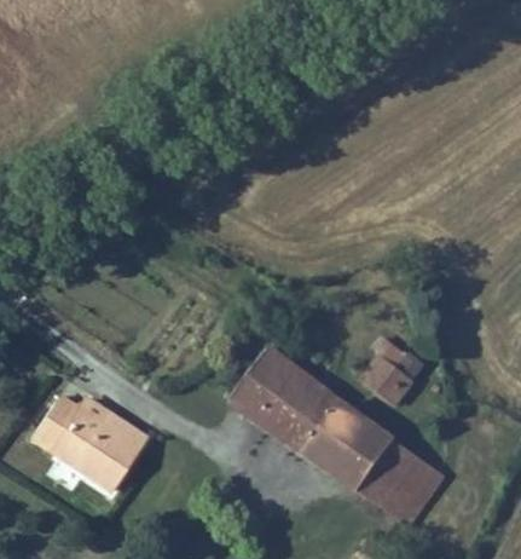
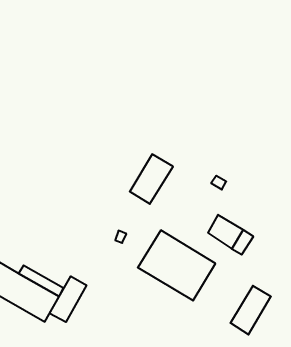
building: [231,347,296,417] -> [130,154,173,204]
building: none -> [50,276,86,322]
building: [331,423,418,511] -> none

